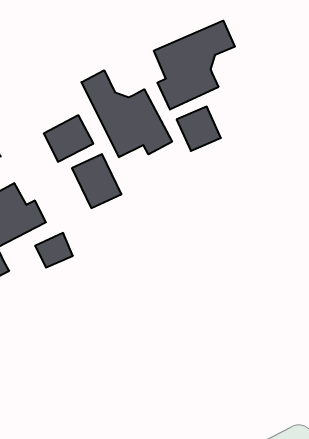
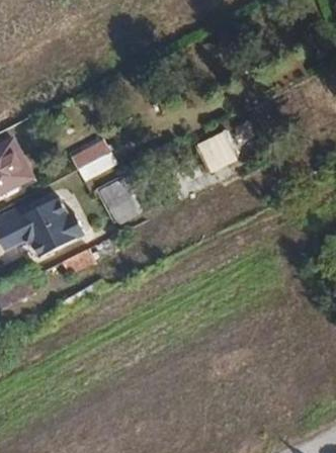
building: [154,21,235,110] -> none
building: [81,70,172,157] -> none

